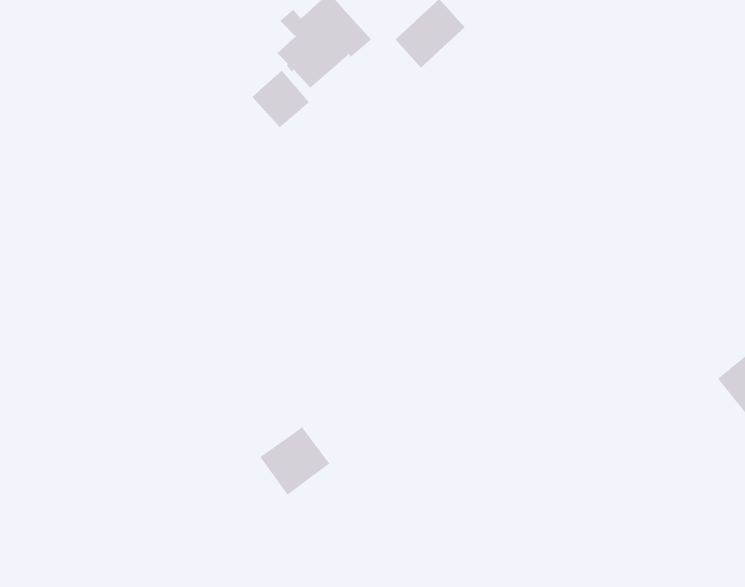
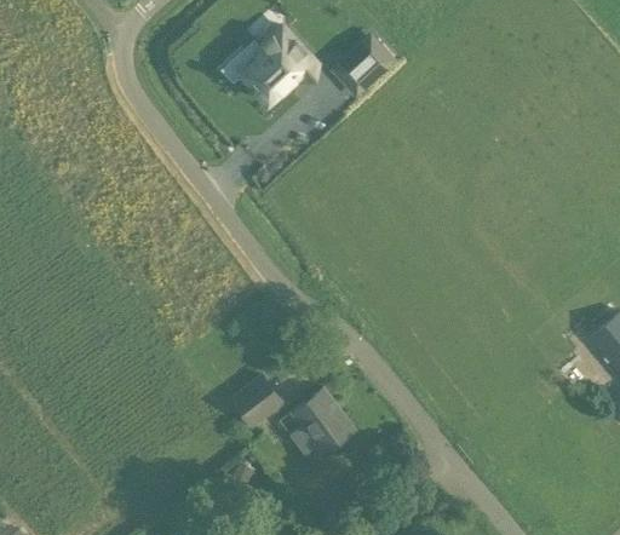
building: [252,70,310,128] -> none
building: none -> [288,390,352,464]

